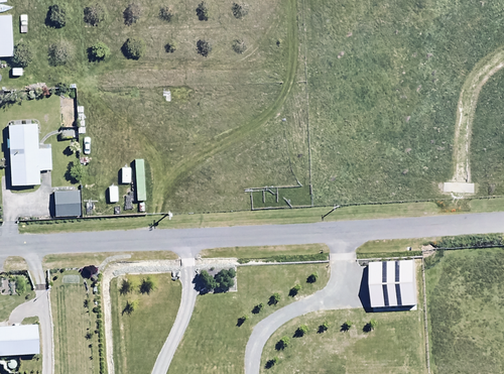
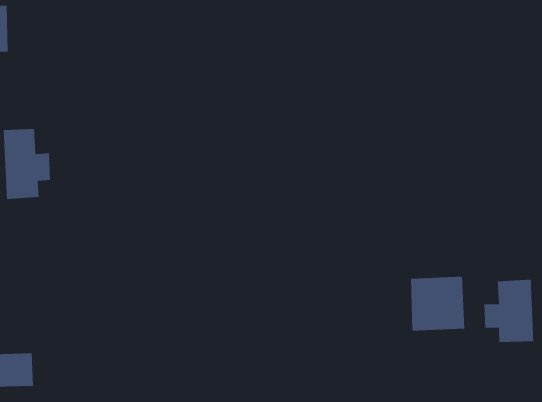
building: [52,192,80,217] -> none
building: none -> [484,279,534,343]

